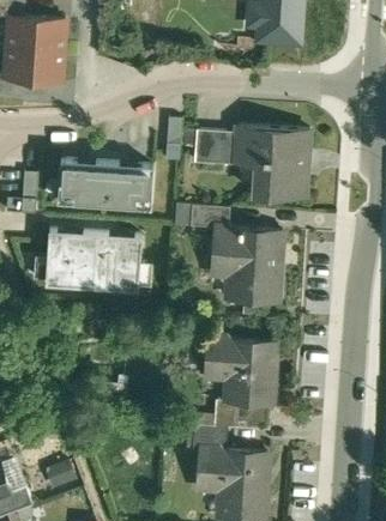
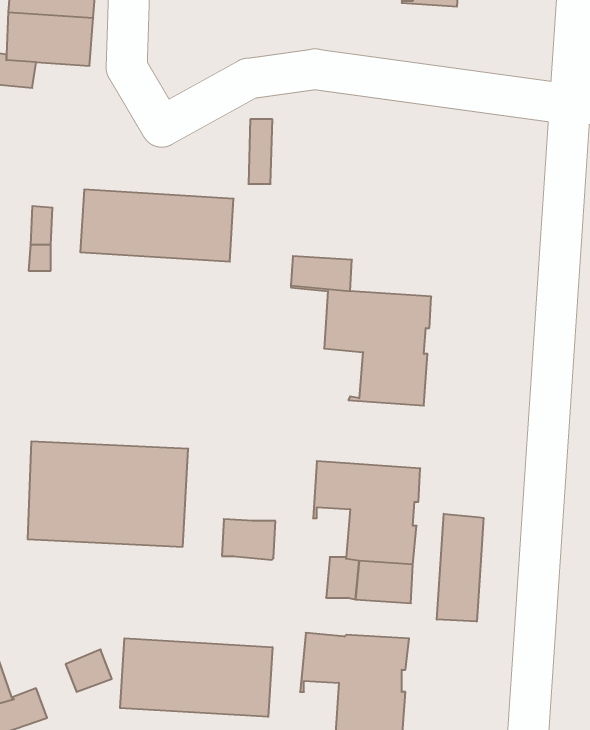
building: [236,127,309,198] -> none
building: [194,129,227,164] -> none
building: [38,224,143,292] -> [28,441,188,547]
building: none -> [437,514,484,622]
building: [193,425,228,452] -> [222,519,275,560]
building: none -> [120,638,272,717]

